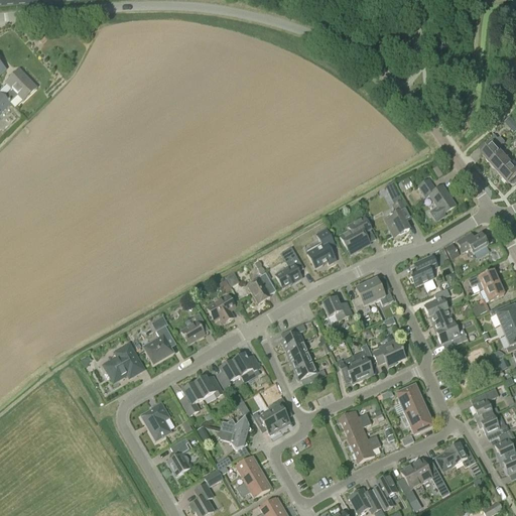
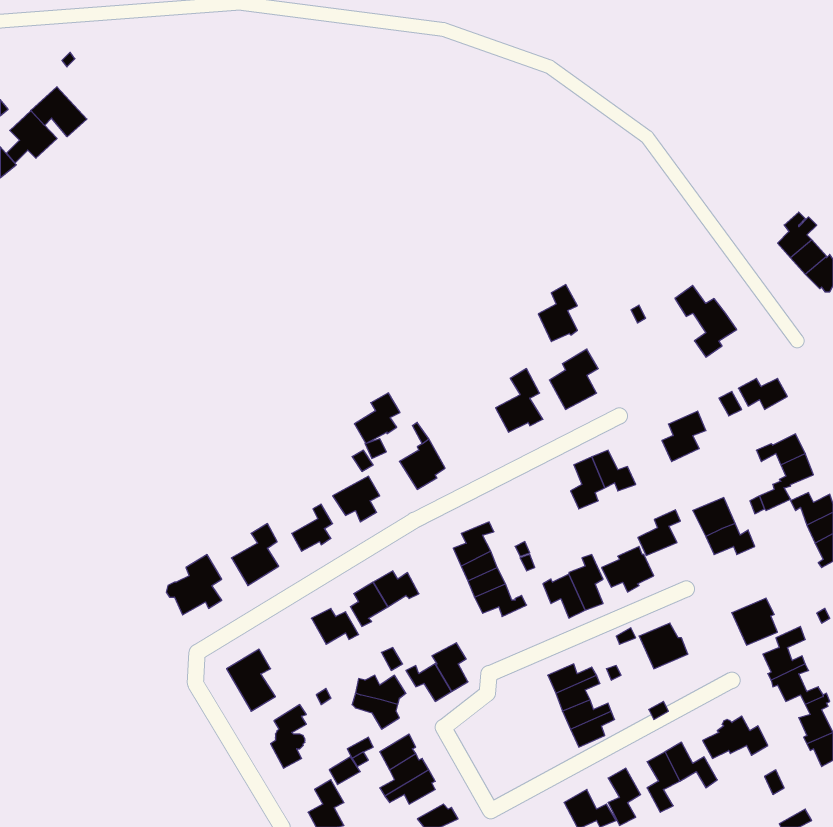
building: none -> [31,87,87,137]
building: [384,200,408,235] -> [538,285,577,342]
building: [275,255,303,286] -> [354,393,400,443]
building: [423,287,449,315] -> [638,510,680,555]
building: [321,296,352,319] -> none
building: [181,382,202,414] -> none
building: [404,404,432,433] -> [732,598,777,645]

